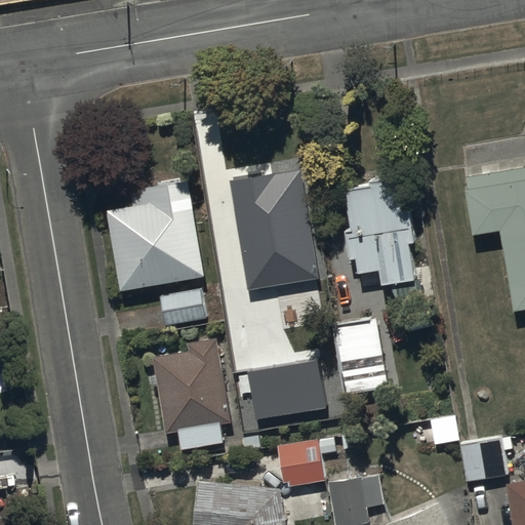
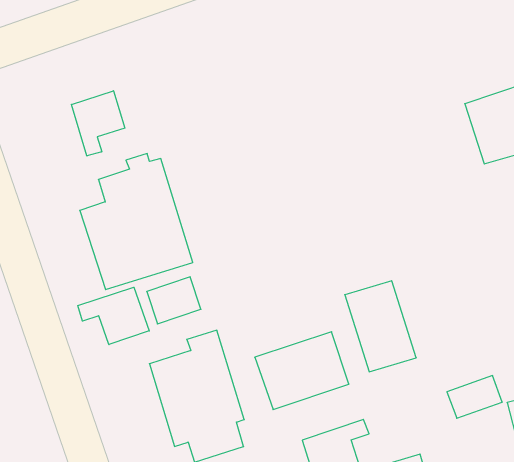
building: none -> [71,91,125,156]
building: [228,167,317,288] -> none
building: [346,183,416,290] -> none
building: none -> [78,287,149,345]

